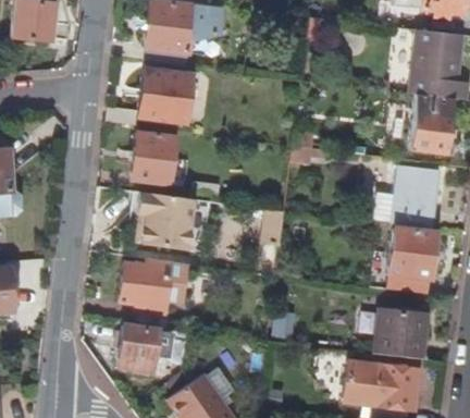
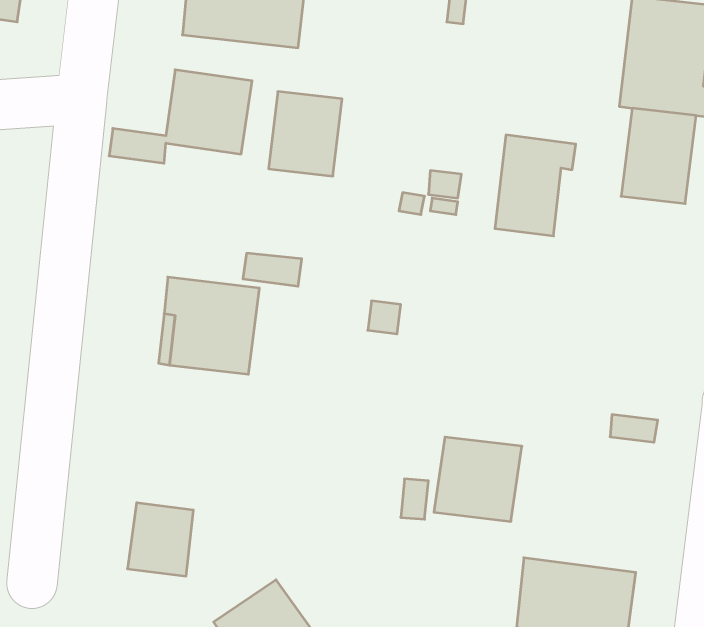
building: [132,133,175,183] -> [269,92,342,176]
building: [395,167,443,226] -> [495,135,576,236]
building: [388,226,437,274] -> none
building: [129,259,174,327] -> none
building: [376,307,429,357] -> [434,437,522,521]

